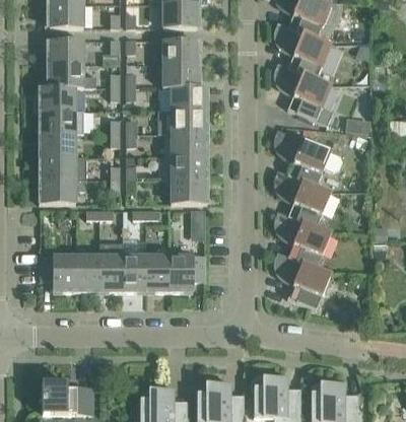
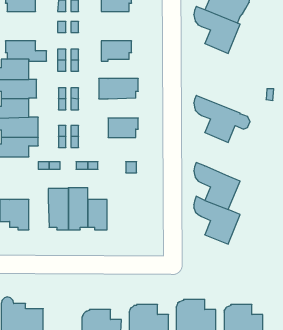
building: [162,40,199,64] -> none
building: [47,41,83,64] -> none
building: [274,63,332,126] -> none
building: [171,86,207,110] -> none
building: [171,133,207,157] -> none
building: [274,170,330,227] -> none
building: [171,181,207,204] -> none
building: [170,255,205,292] -> none
building: [75,256,99,292] -> none

